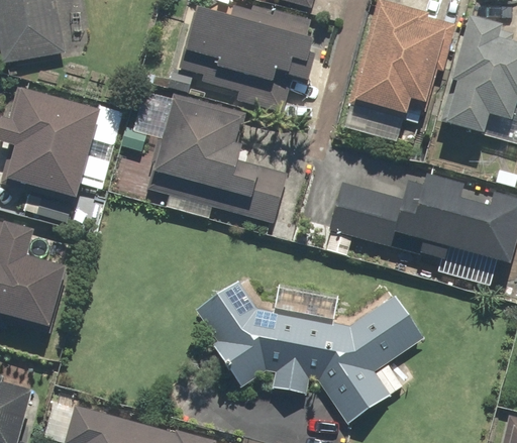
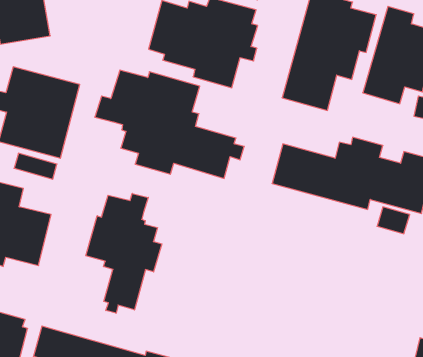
building: none -> [86,193,162,313]
building: [197,280,424,422] -> none

